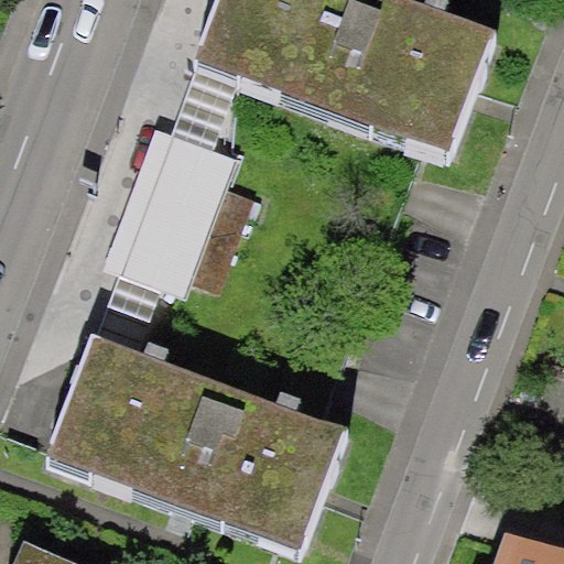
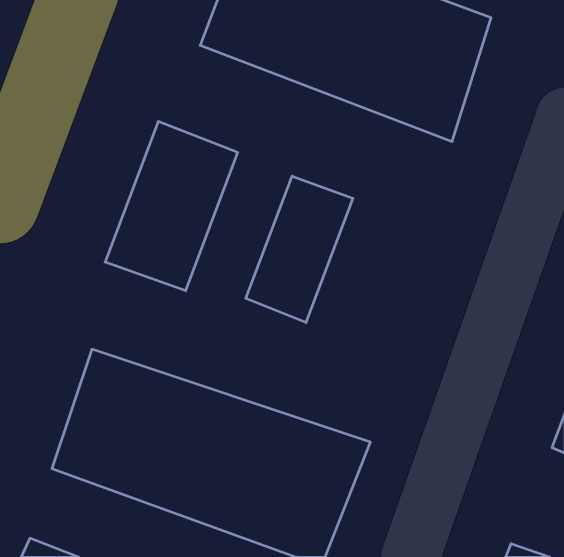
building: none -> [246,176,353,323]

